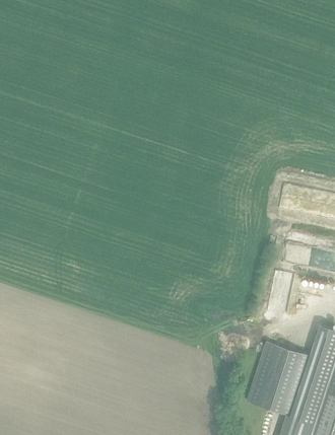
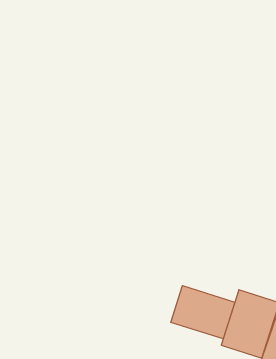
building: none -> [171,286,235,339]

